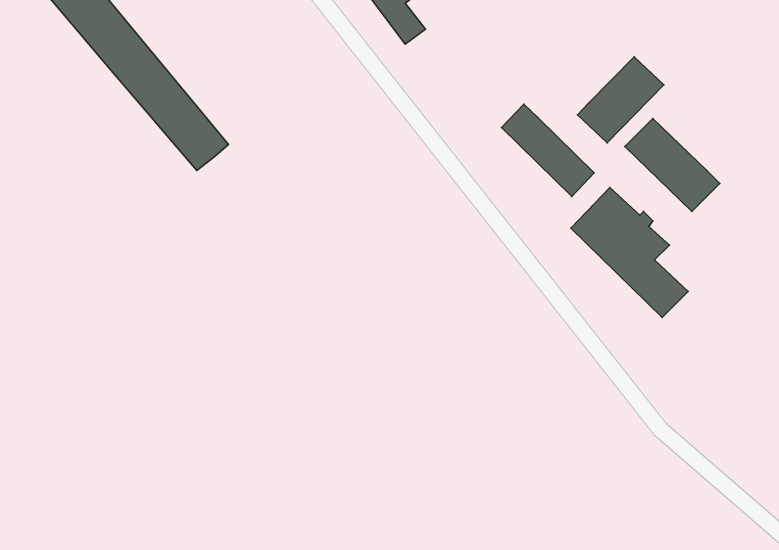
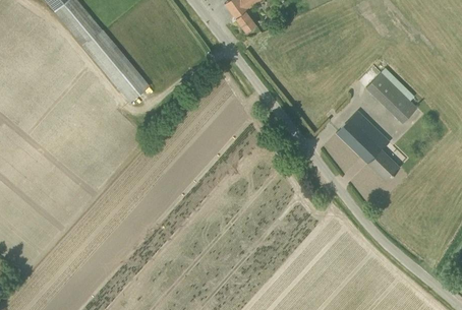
building: [578,57,664,143] -> none
building: [502,104,594,196] -> none

